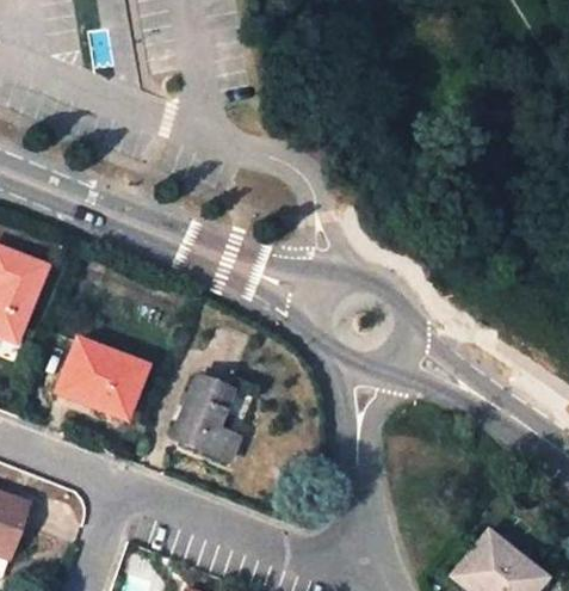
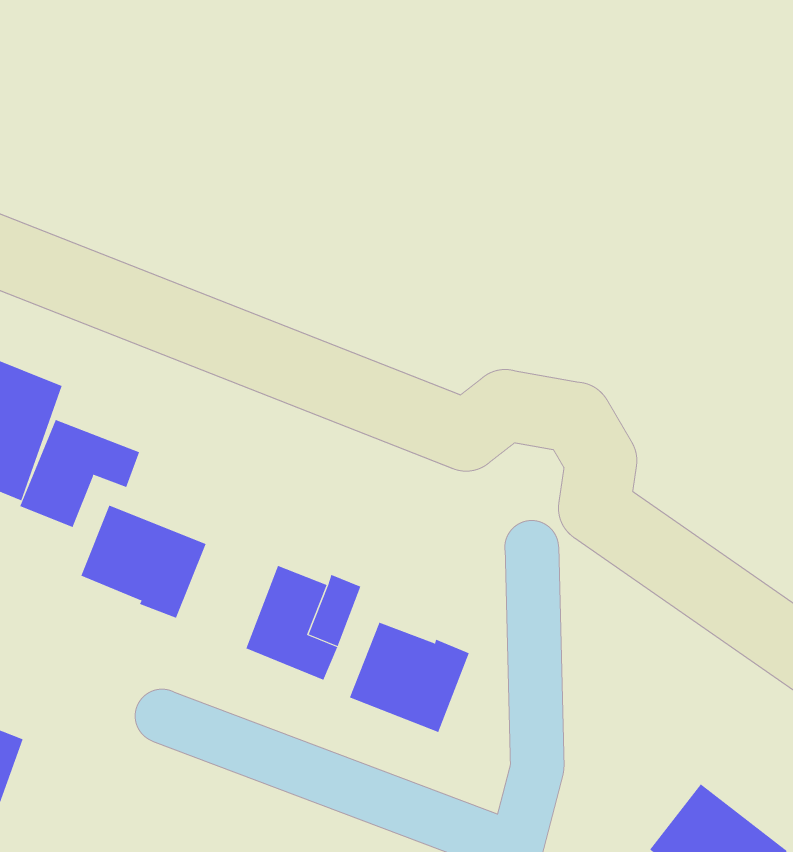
building: none -> [20,419,140,528]
building: none -> [349,622,470,733]

